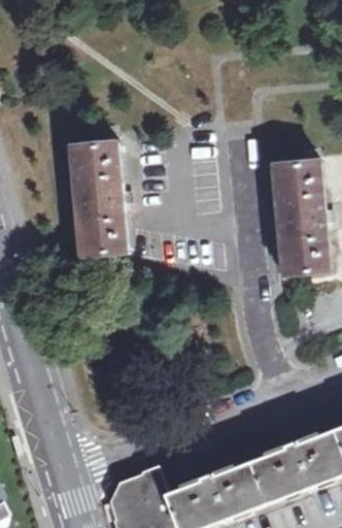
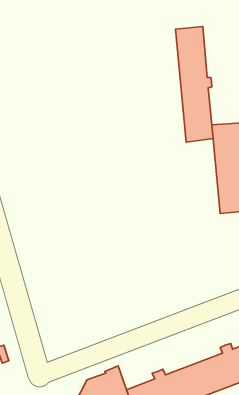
building: none -> [176,27,213,142]
building: [70,143,126,257] -> none

